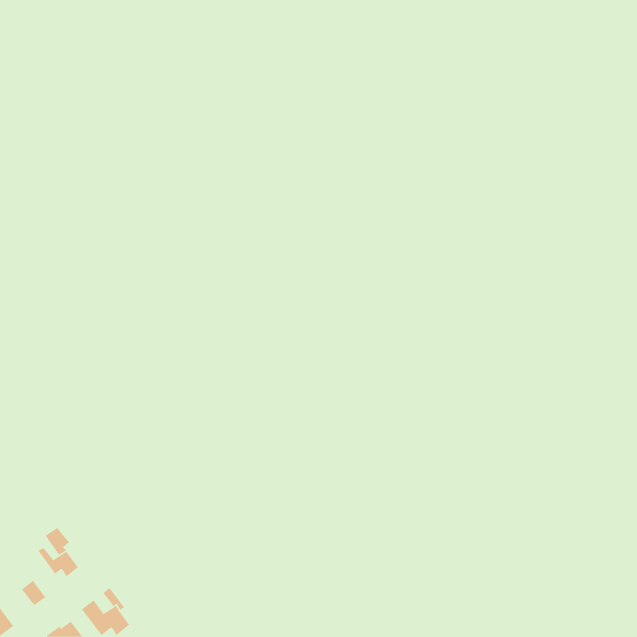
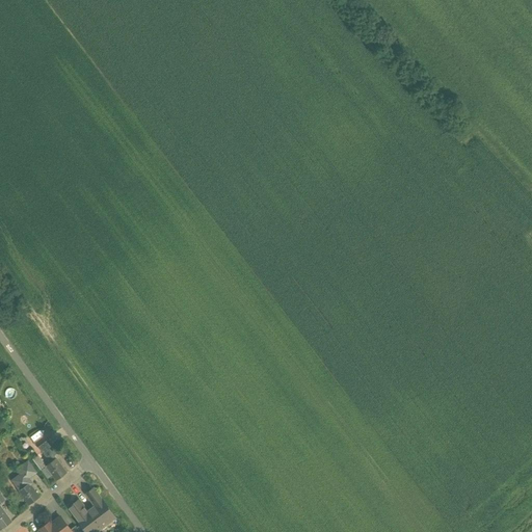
building: none -> [10,459,35,490]

